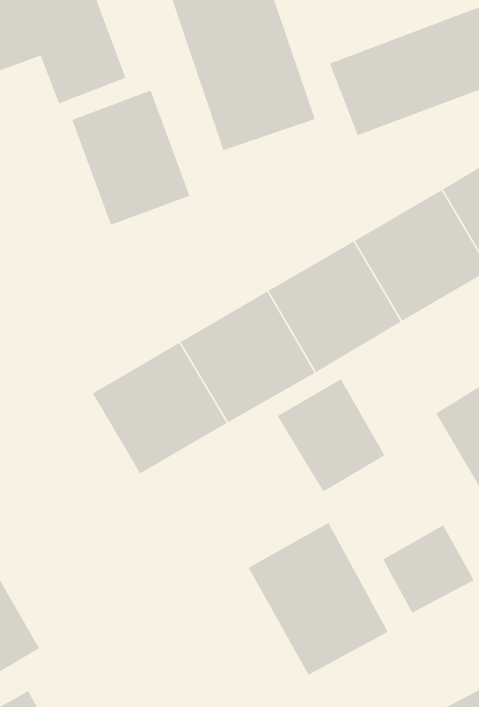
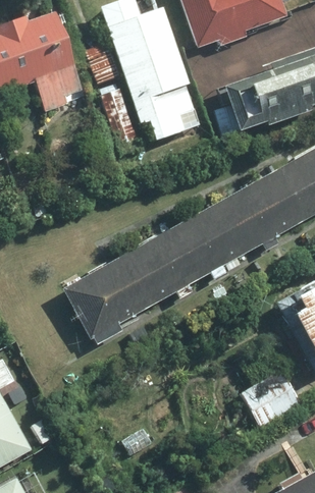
building: [71,90,190,226] -> none
building: [276,378,385,493] -> none
building: [247,522,389,676] -> none

